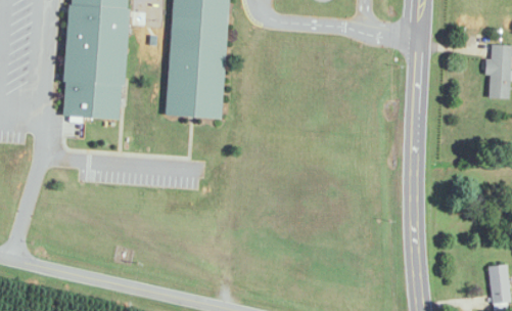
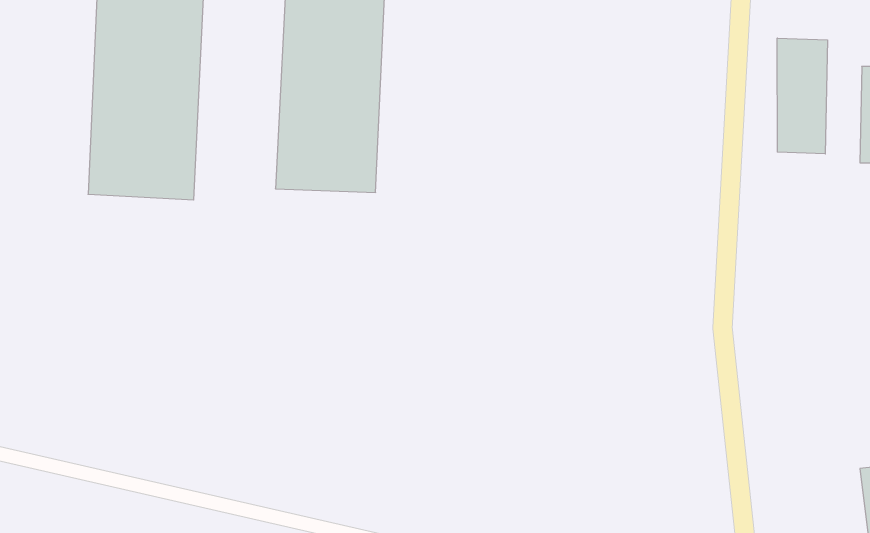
building: none -> [777,38,827,154]

